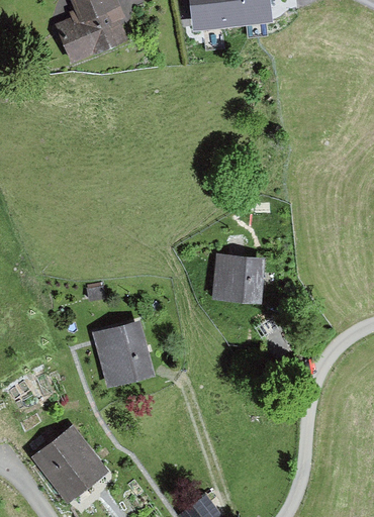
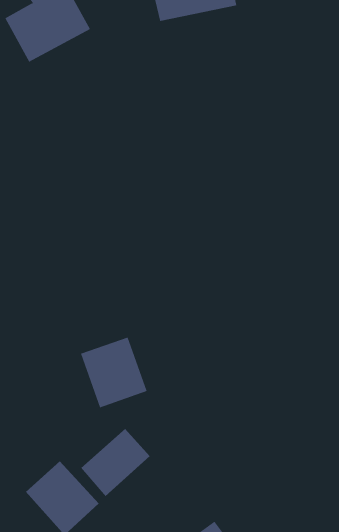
building: [208,264,261,309] -> none
building: none -> [80,428,150,497]

